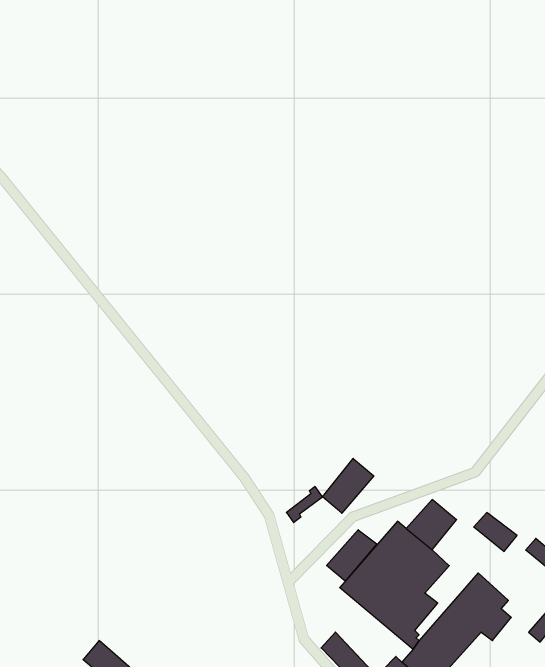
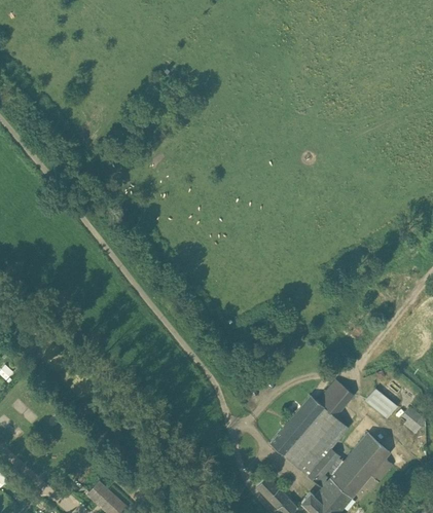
building: [322,458,374,513] -> none
building: [327,530,377,581] -> none

